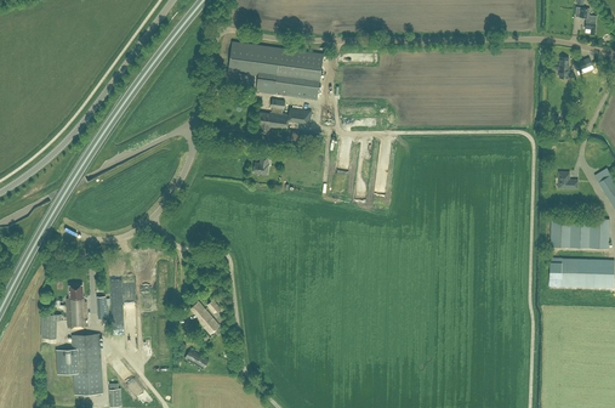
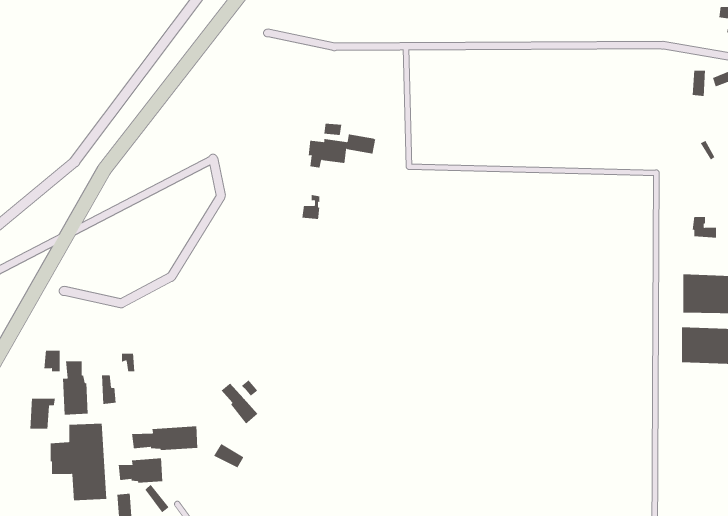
building: [228,41,323,100] -> none
building: none -> [132,425,198,451]
building: none -> [118,458,163,483]

